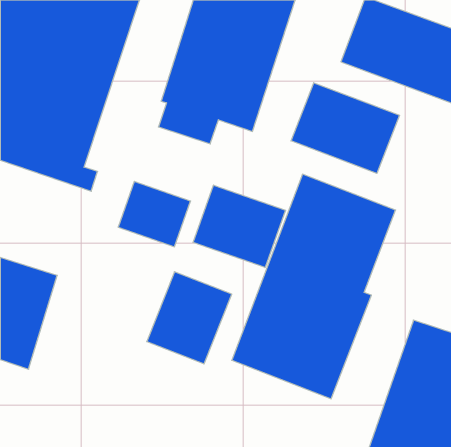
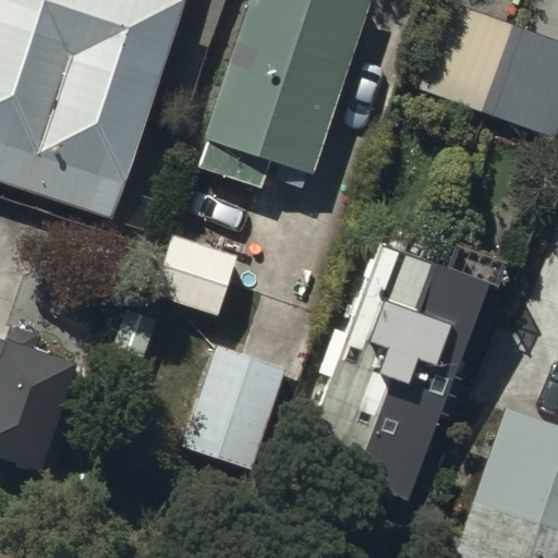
building: [291,83,399,173] -> none
building: [193,185,286,268] -> none

